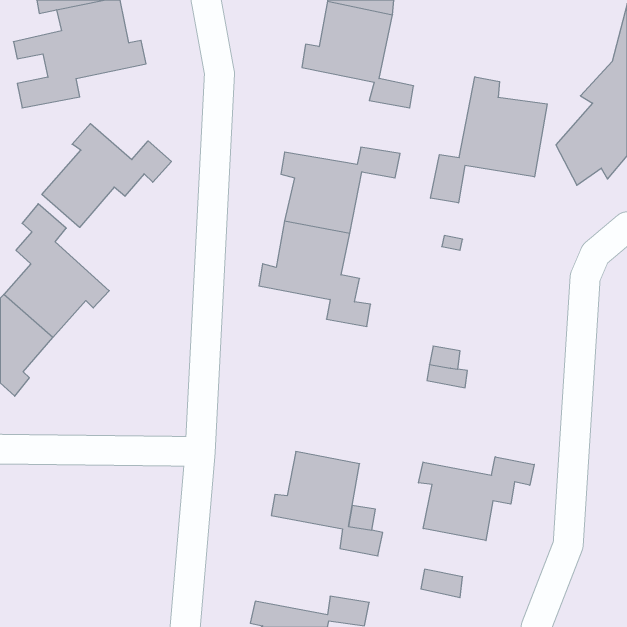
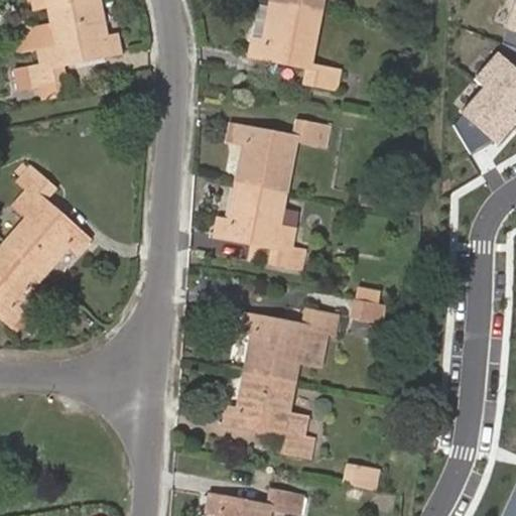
building: [431,77,547,203] -> none
building: [42,124,171,227] -> none
building: none -> [241,310,338,381]
building: [419,457,534,541] -> none

